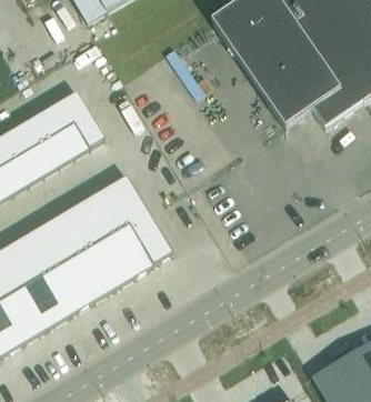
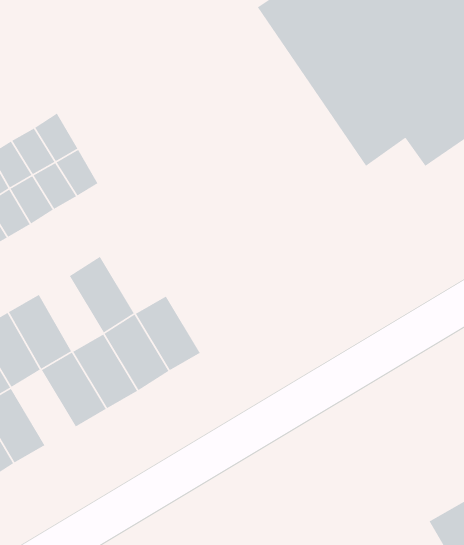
building: [103,175,148,227] -> none
building: [62,201,106,252] -> none
building: [43,264,87,315] -> none

